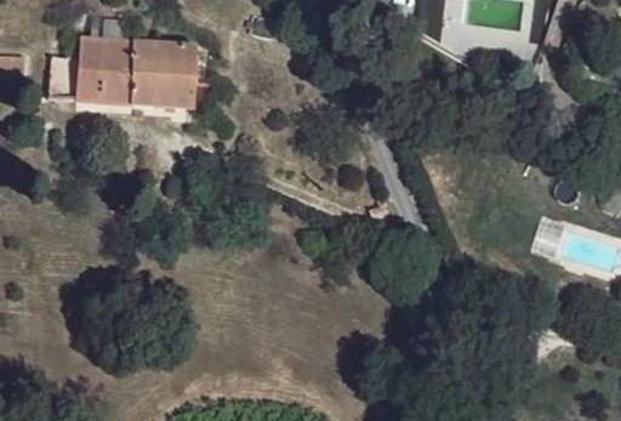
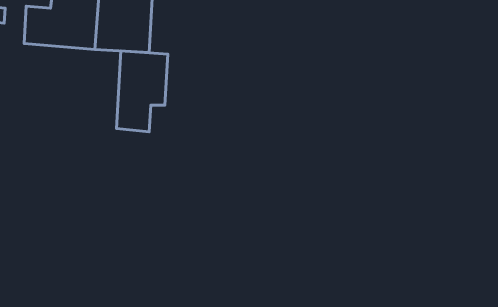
building: none -> [117,51,168,132]

